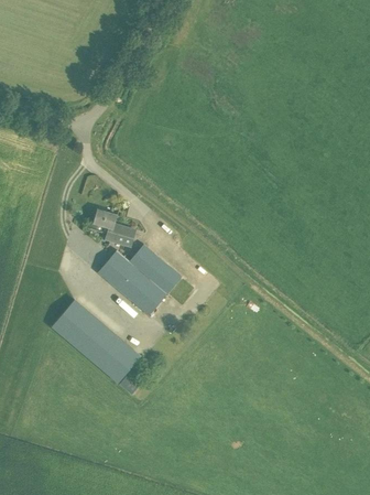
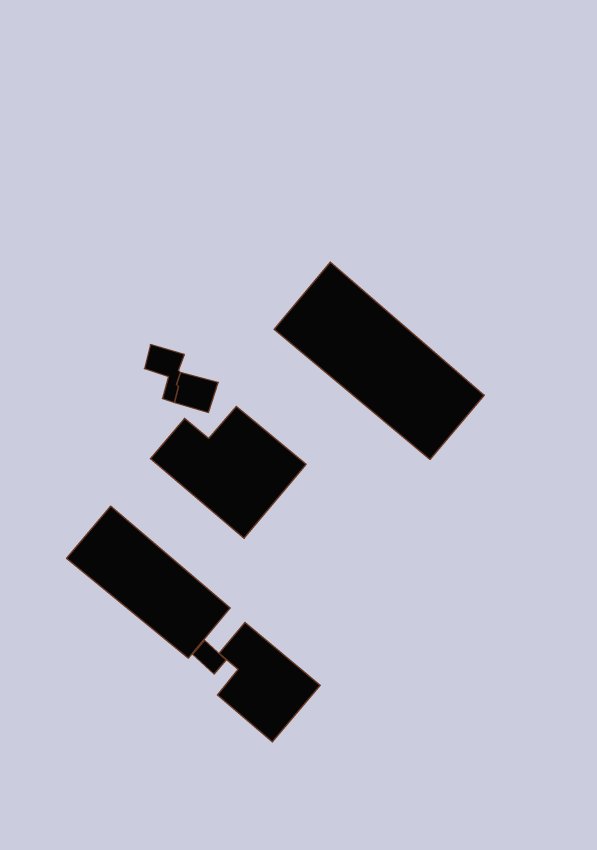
building: none -> [274,262,484,459]
building: none -> [217,622,320,742]

